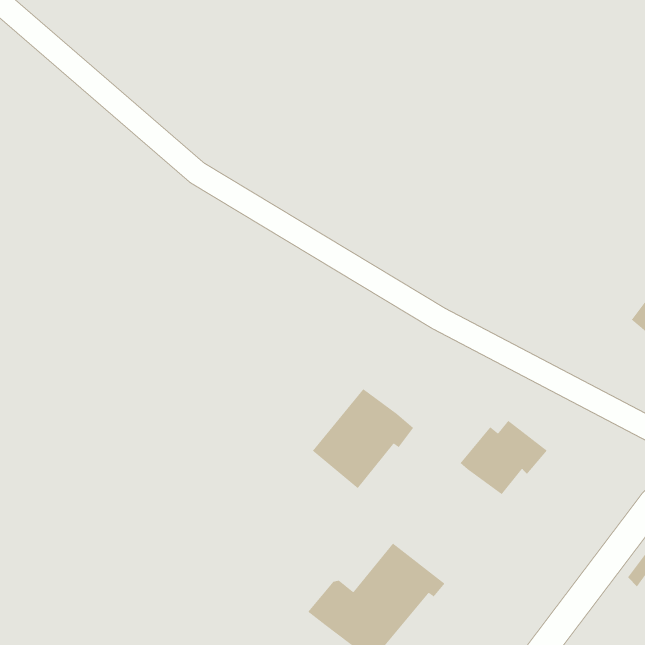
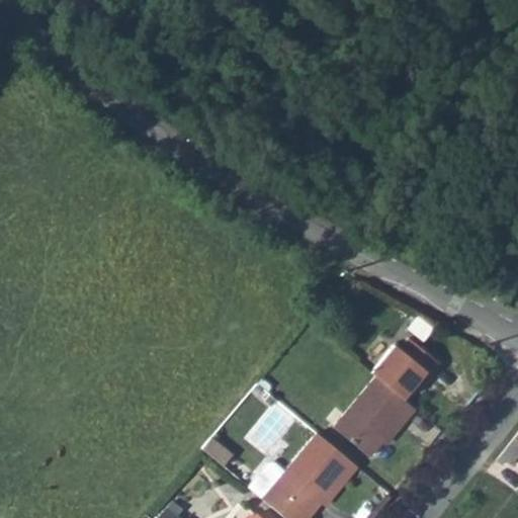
building: [312,388,414,489] -> [336,378,417,458]

